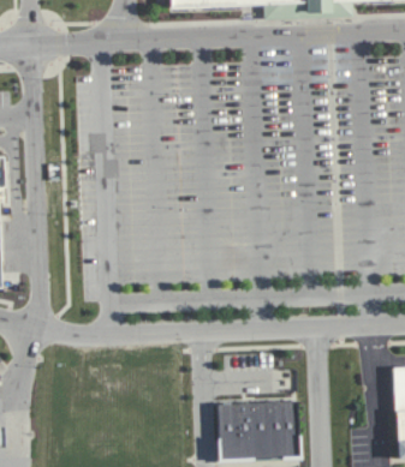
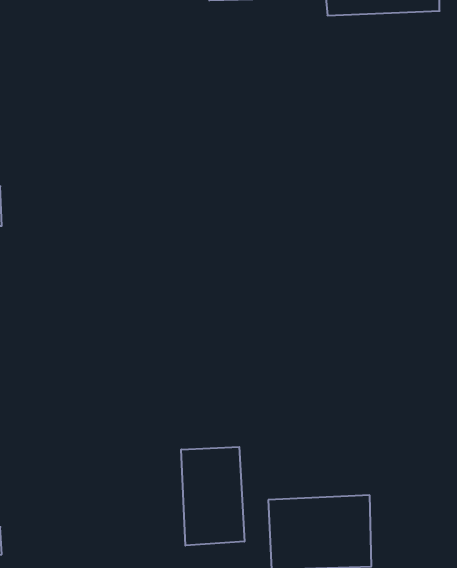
building: none -> [181,447,244,546]

